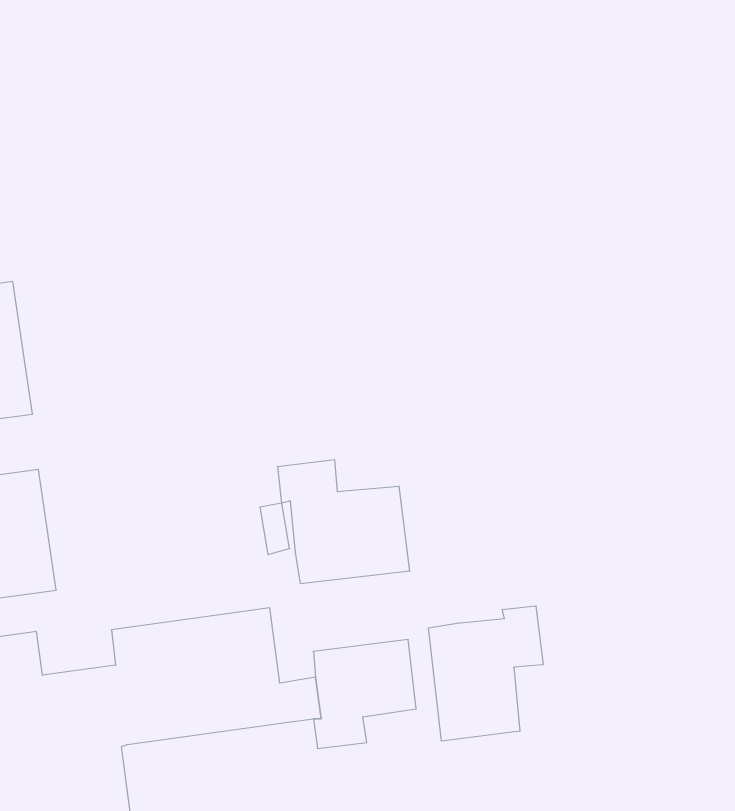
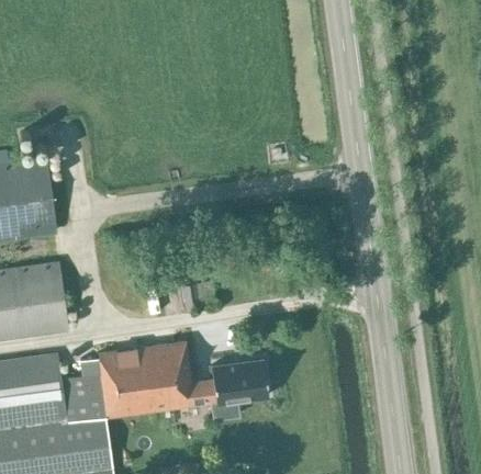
building: [278,460,410,584] -> none
building: [428,606,543,741] -> none

